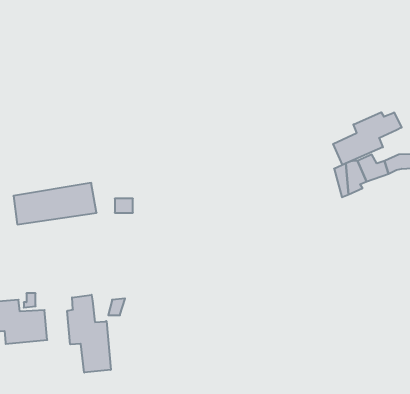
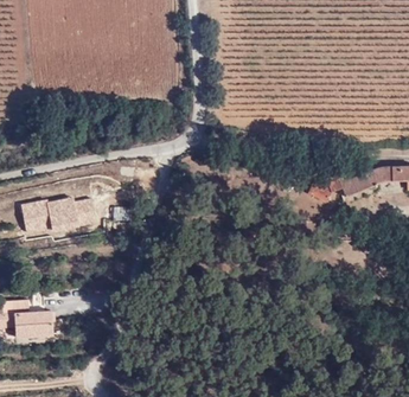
building: [333,112,402,165] -> none
building: [67,295,111,373] -> none

